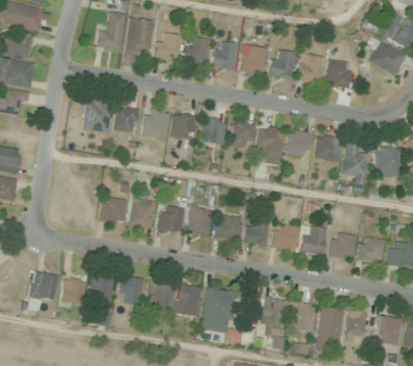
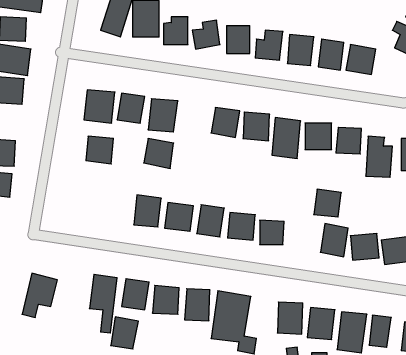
building: [171,112,199,140] -> [144,139,174,168]
building: [101,197,126,222] -> [86,136,113,164]
building: [273,223,299,249] -> [314,189,341,217]
building: [61,276,87,306] -> [111,317,138,349]

